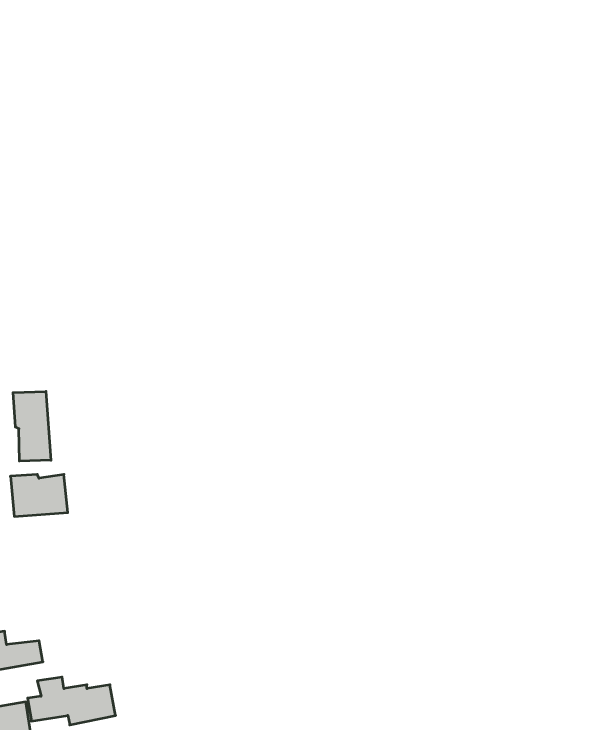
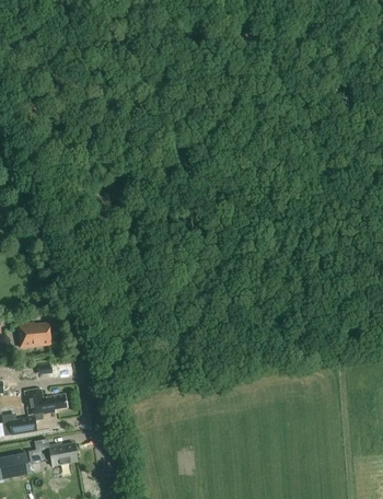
building: [13,391,51,461] -> none
building: none -> [25,387,68,414]

